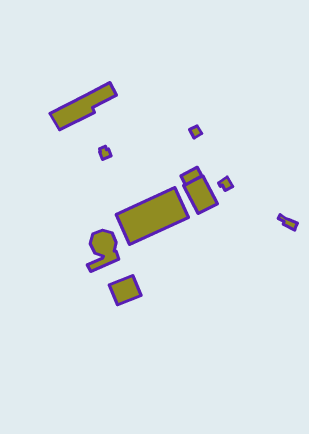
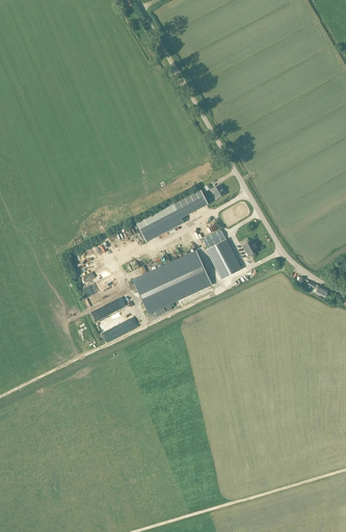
building: [50,82,117,130] -> [136,189,208,240]
building: [109,275,141,305] -> none

